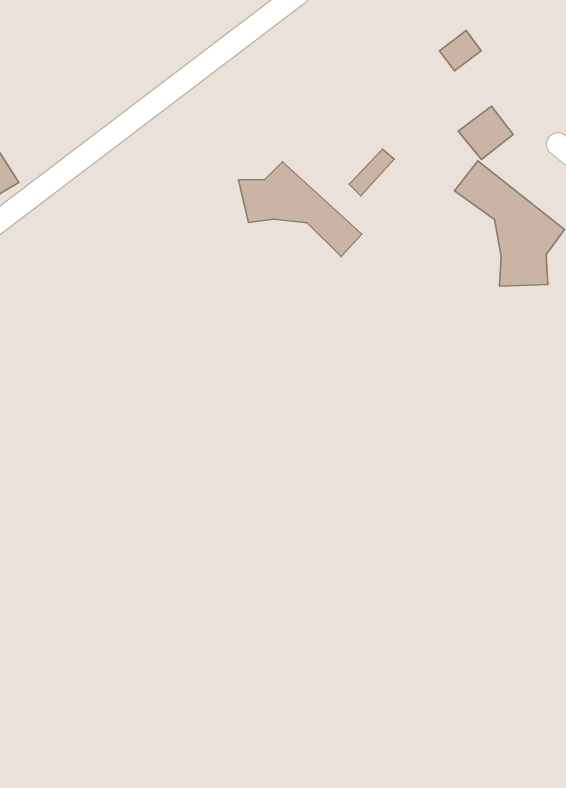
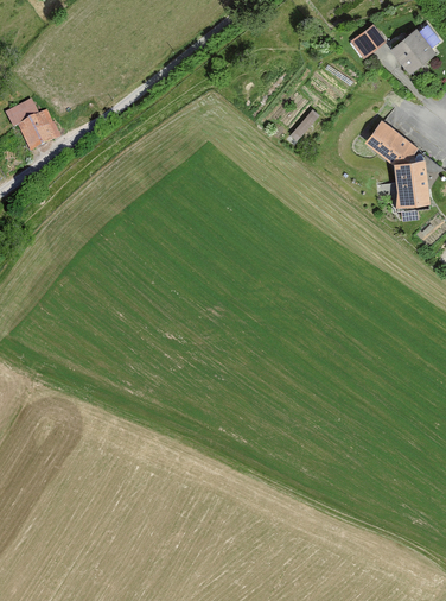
building: [458,106,513,159] -> [394,30,433,68]
building: [239,162,362,256] -> none

